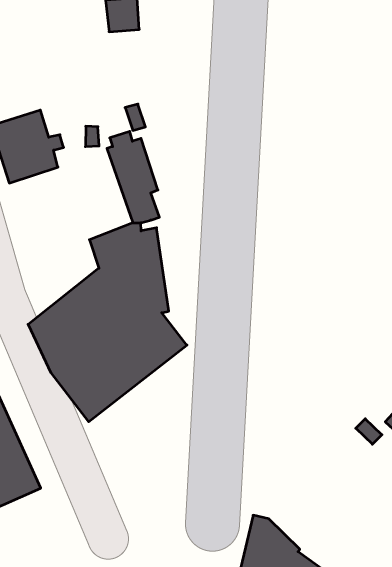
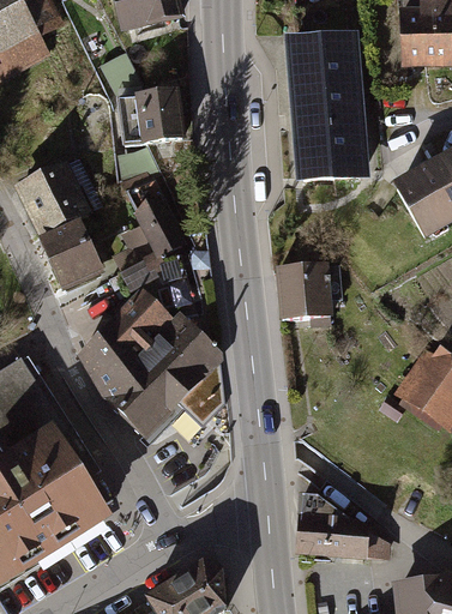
building: none -> [294,37,360,179]
building: none -> [119,94,181,145]
building: none -> [42,224,98,285]
building: none -> [279,266,339,325]

